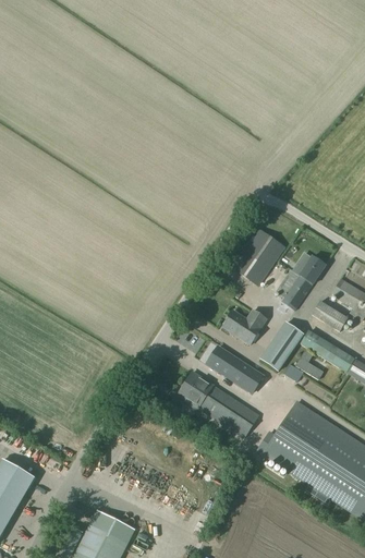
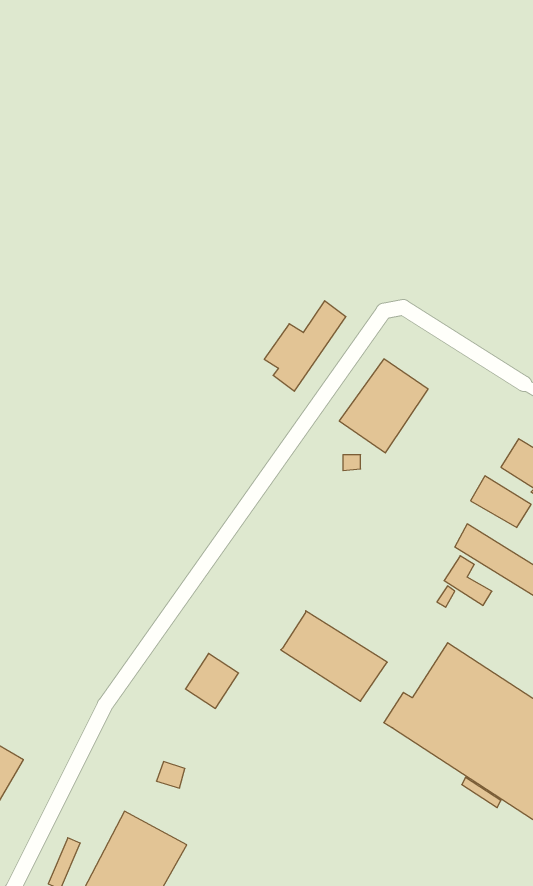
building: [276,255,326,311] -> [264,301,346,391]
building: [220,310,266,344] -> none
building: [253,324,299,375] -> none
building: [211,348,257,387] -> none
building: [178,372,210,405] -> [185,653,239,708]

